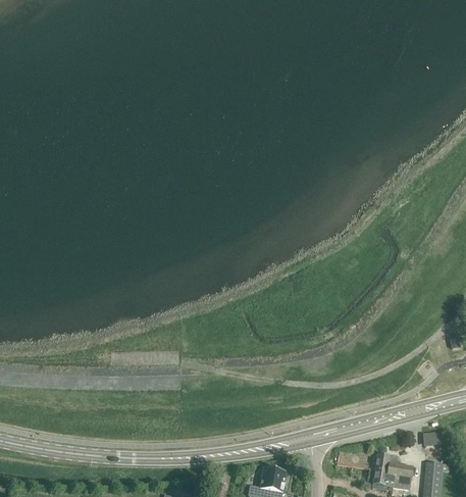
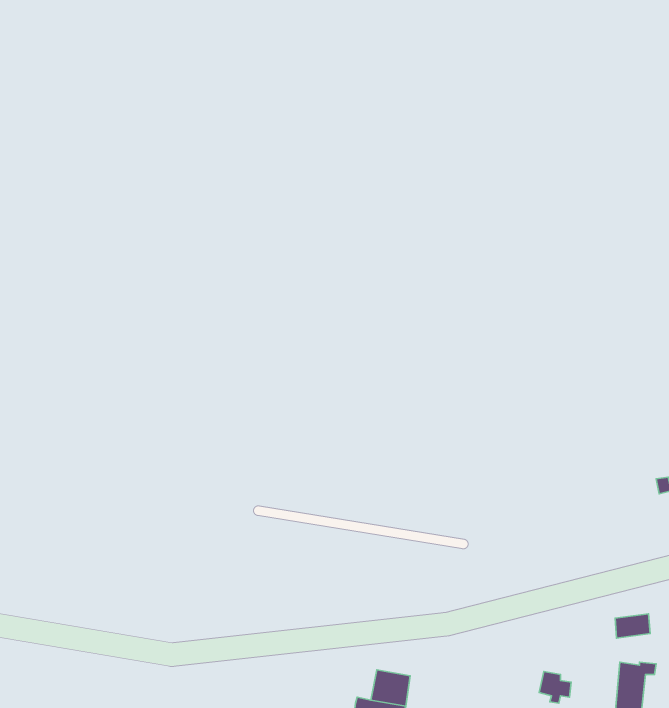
building: [375,453,412,489] -> none

